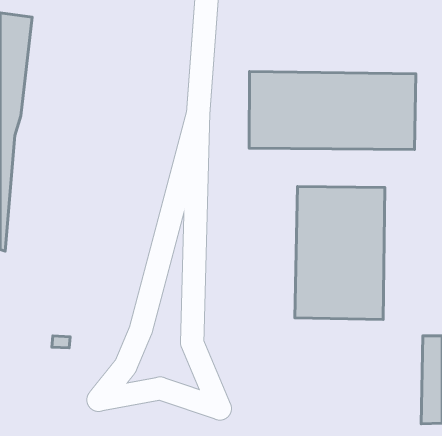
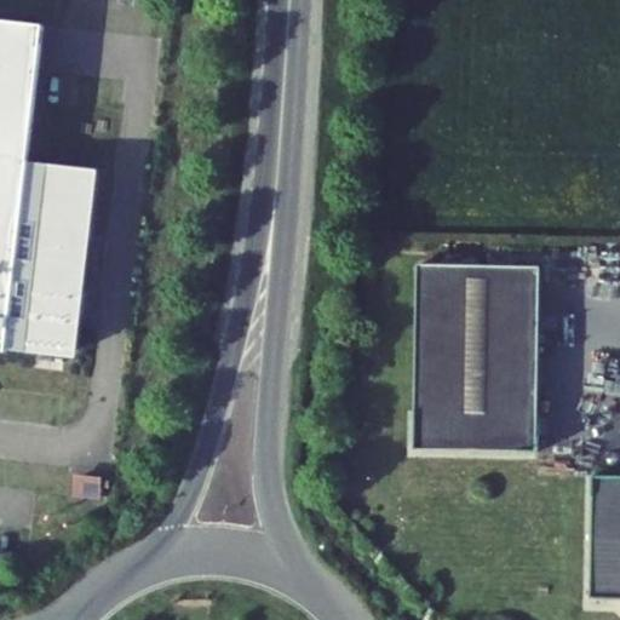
building: [249,72,416,149] -> none
building: none -> [12,167,102,368]

